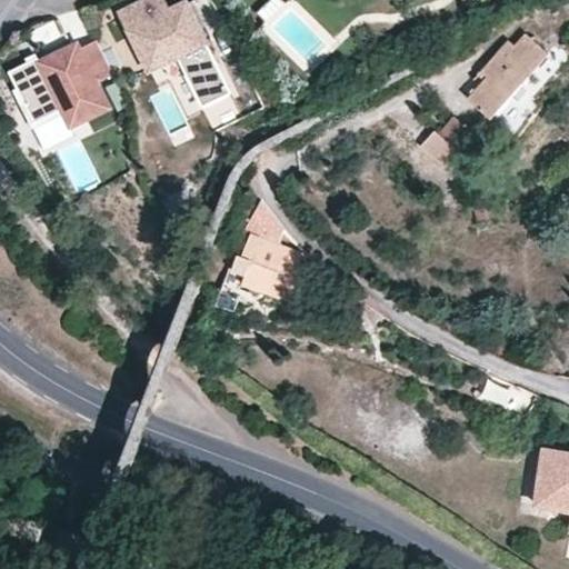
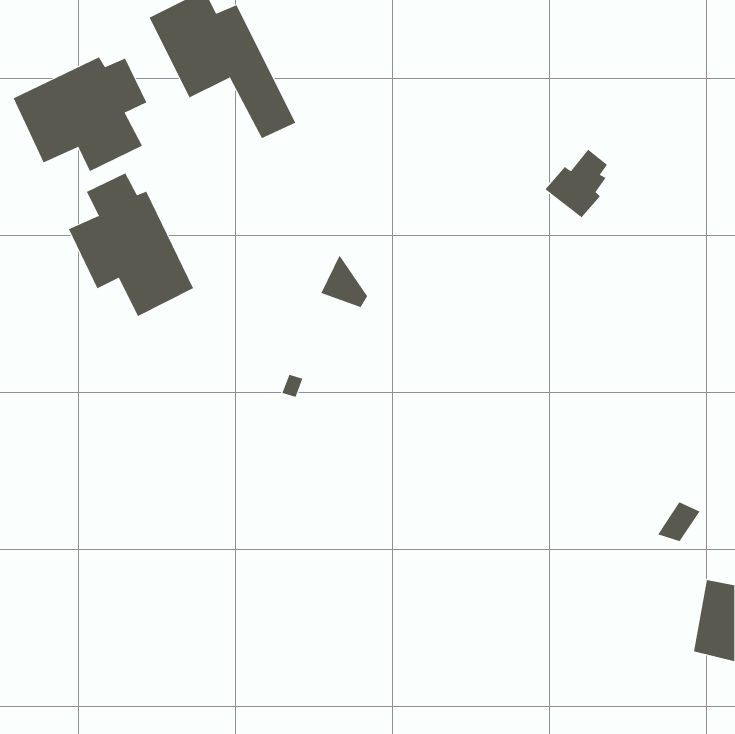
building: [468,31,548,116] -> none
building: none -> [68,172,194,317]
building: [238,232,305,295] -> none

